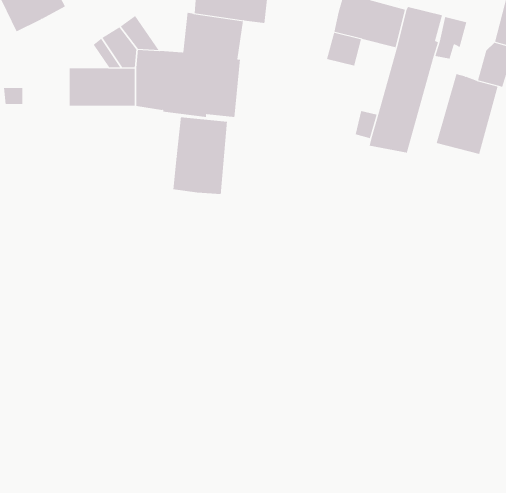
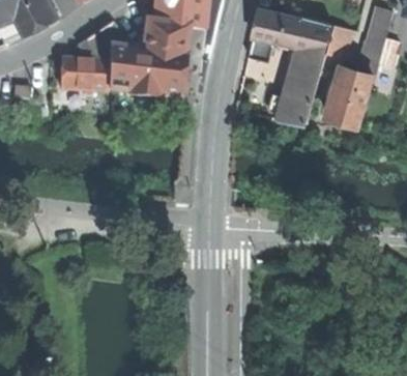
building: [173,116,227,195] -> none

